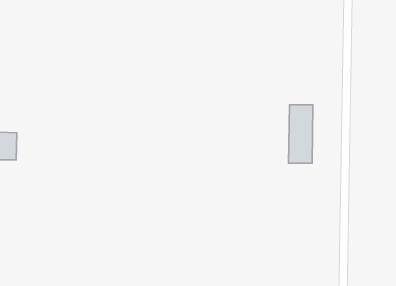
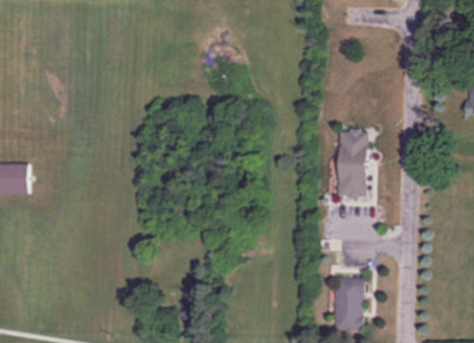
building: none -> [335,277,363,330]

